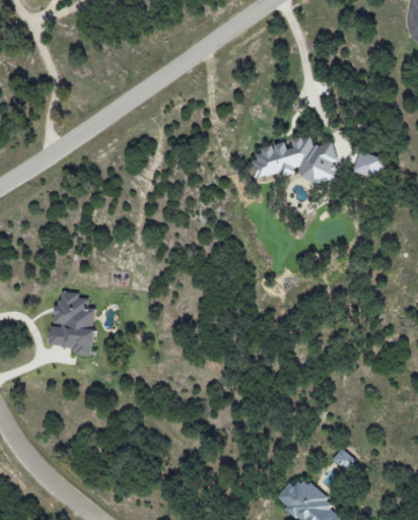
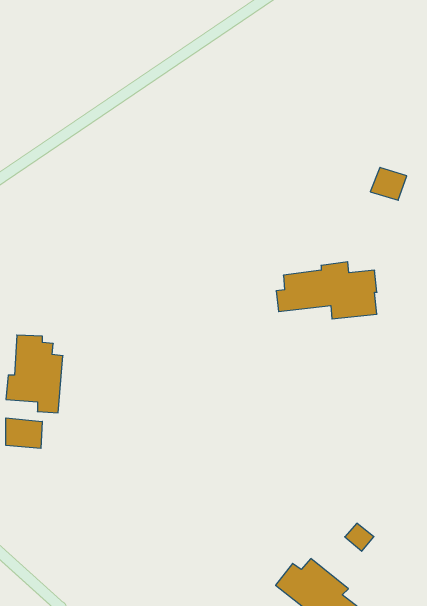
building: [251,135,335,183] -> [276,262,377,319]
building: none -> [6,418,42,448]

